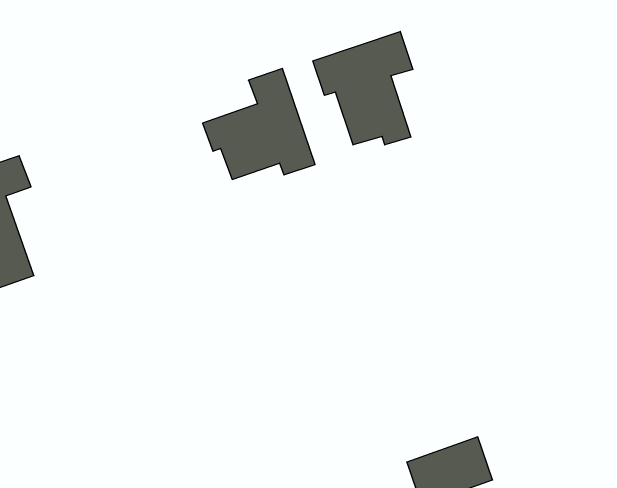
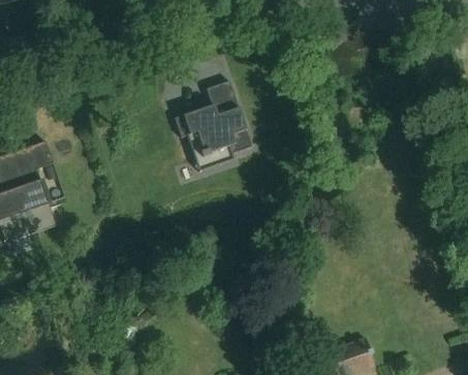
building: [313,31,413,145] -> none

